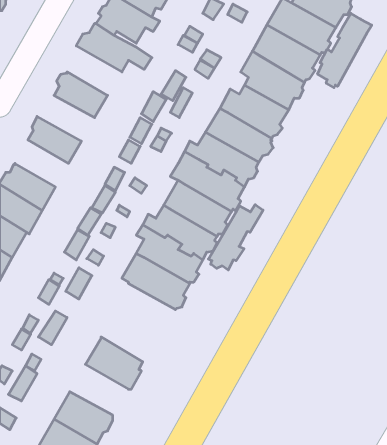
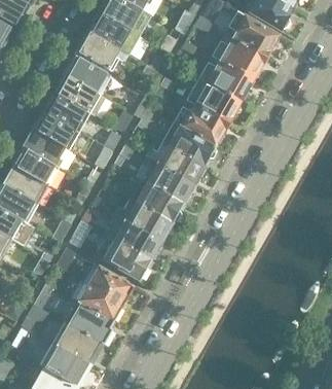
building: [318,13,372,88] -> none
building: none -> [53,73,97,112]
building: none -> [30,112,75,148]
building: none -> [11,147,54,184]
building: [208,205,263,270] -> none
building: none -> [76,267,134,322]
building: none -> [56,324,102,364]

